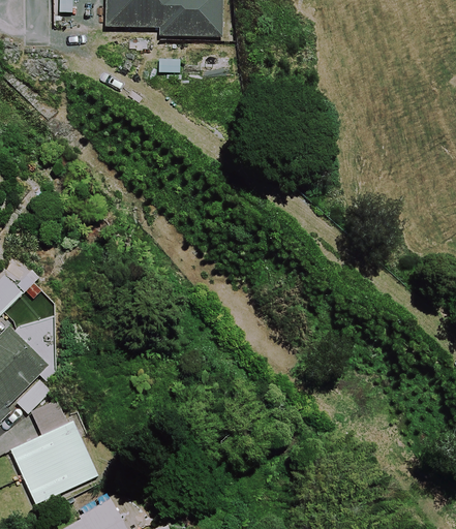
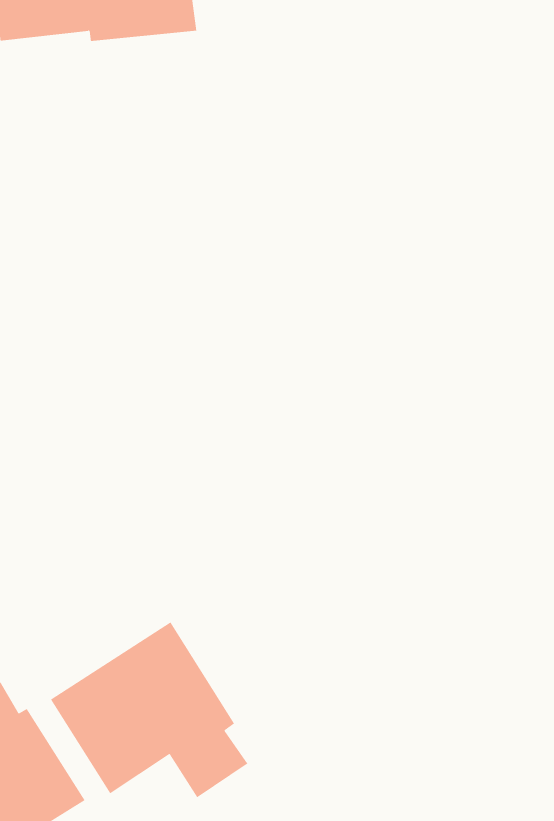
building: none -> [50,622,248,798]

